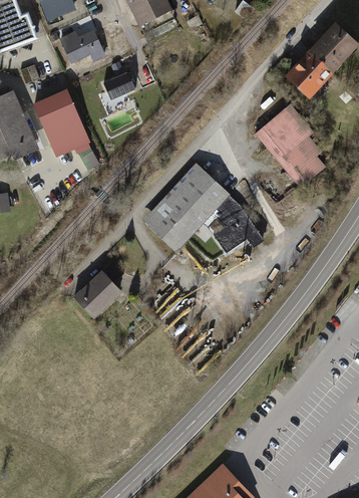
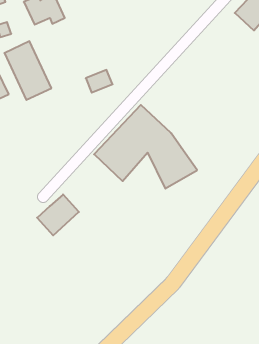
building: [289,51,333,98] -> none
building: [105,70,137,97] -> [86,70,113,93]
building: [255,107,327,187] -> none

